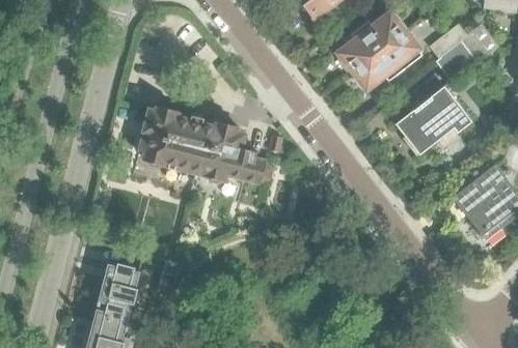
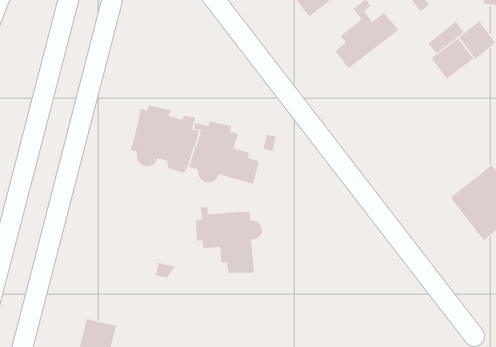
building: [353,32,420,87] -> none
building: [394,86,470,154] -> none
building: none -> [196,207,263,273]
building: [96,264,138,322] -> none

